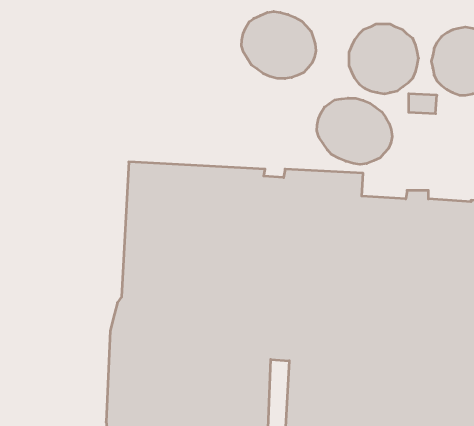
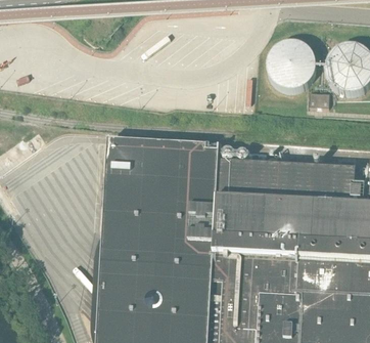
building: [241,11,316,79] -> none
building: [317,98,392,164] -> none

